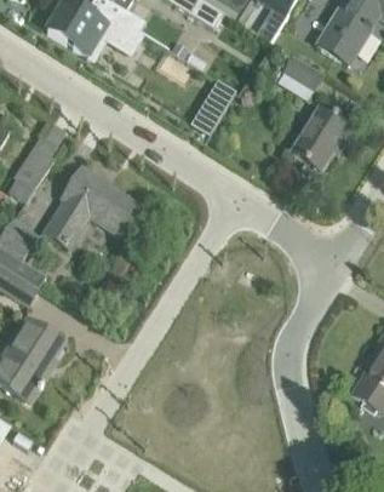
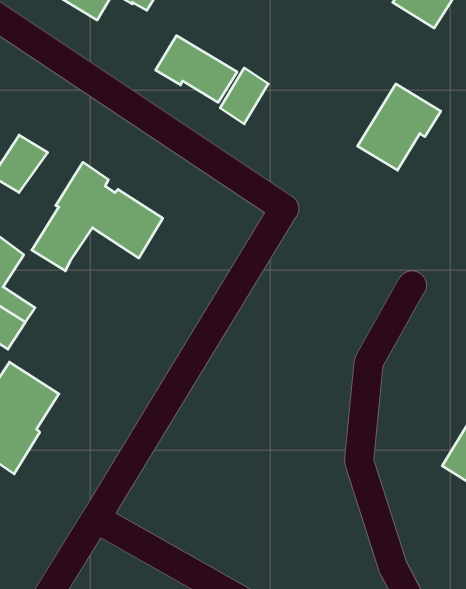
building: [276,55,322,99] -> none
building: none -> [156,36,237,102]

